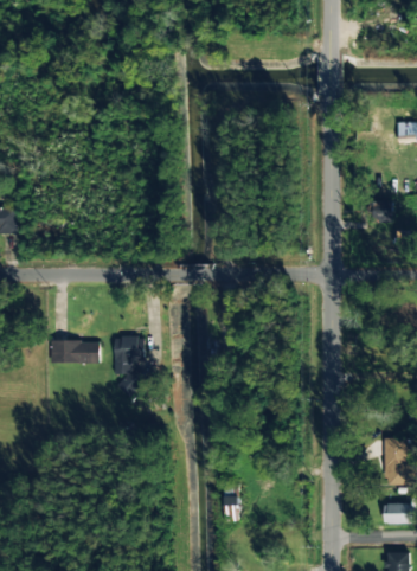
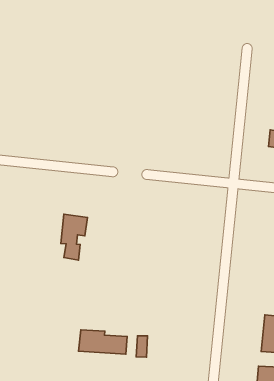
building: [51,340,100,363] -> none
building: none -> [78,330,127,354]

